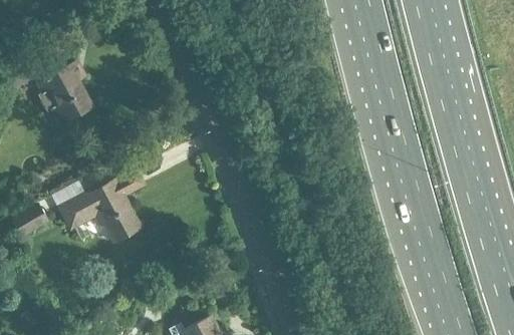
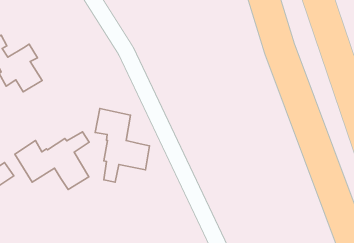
building: none -> [95,109,150,182]

